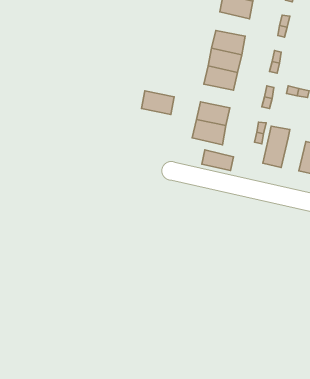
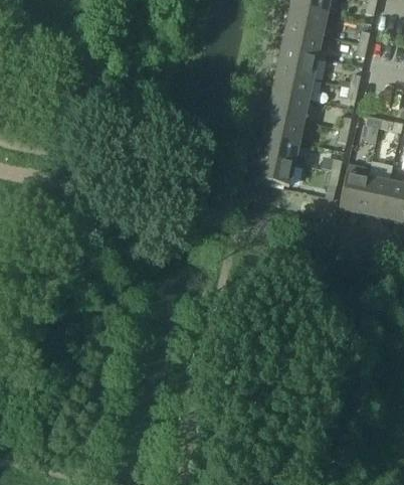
building: none -> [282,26,323,55]
building: [141,91,174,114] -> [264,113,304,141]
building: none -> [361,177,390,216]
building: [202,150,233,171] -> none

